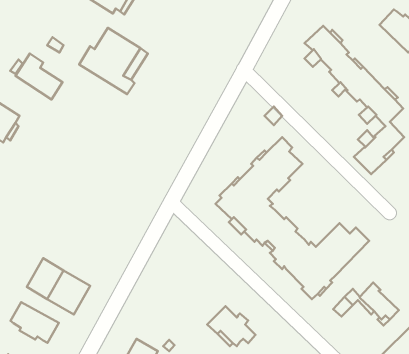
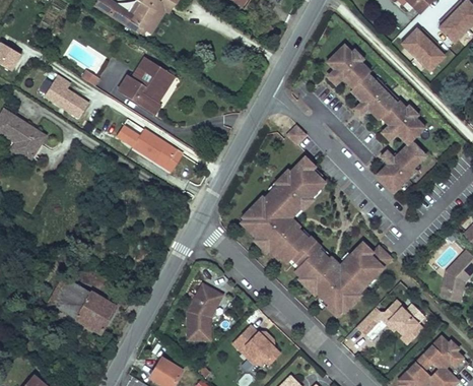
building: none -> [114,117,174,163]
building: none -> [188,282,222,338]
building: [11,302,59,343] -> none

